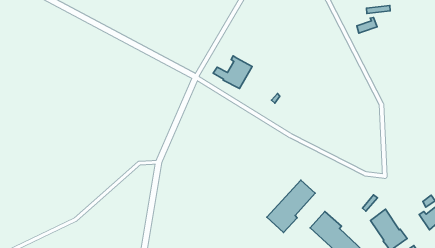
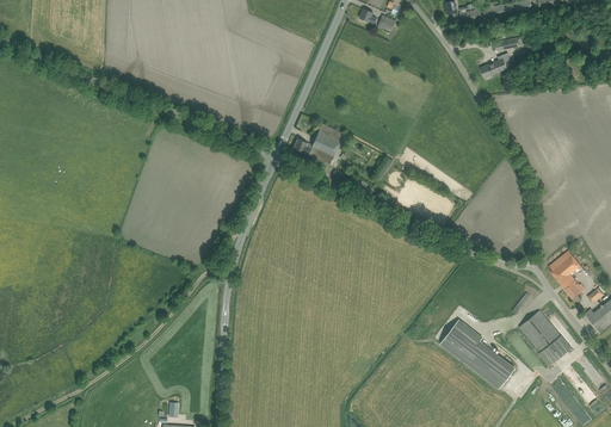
building: none -> [549,250,585,302]
building: [267,180,315,233] -> none

